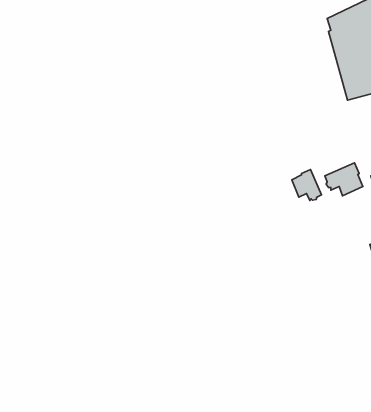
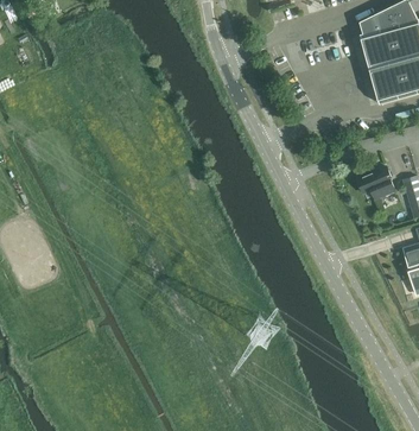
building: [292,170,322,200] -> none

